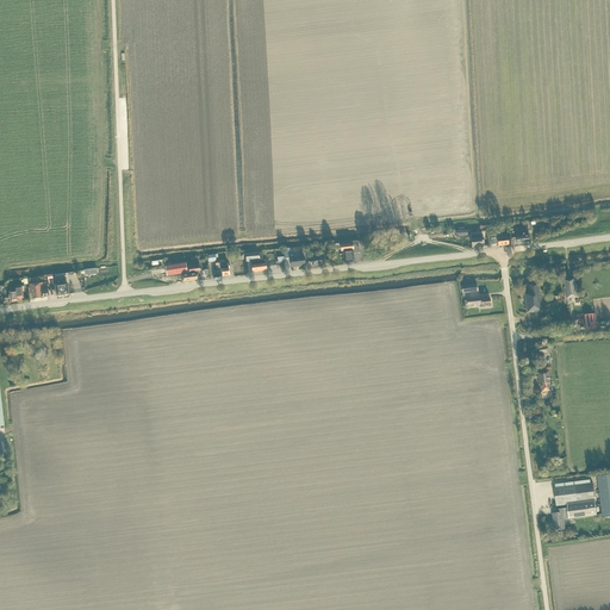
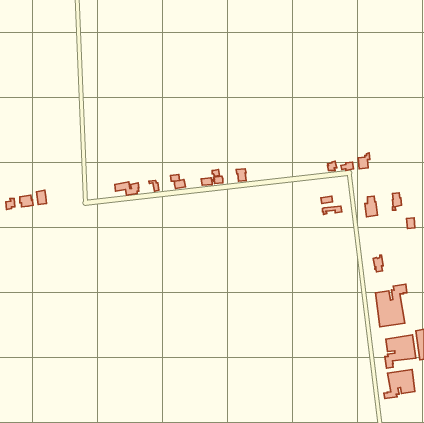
building: none -> [375,284,407,327]
building: none -> [384,370,415,398]

